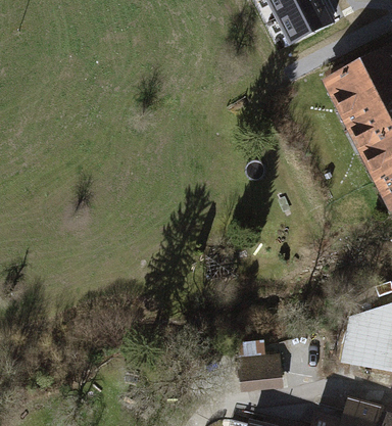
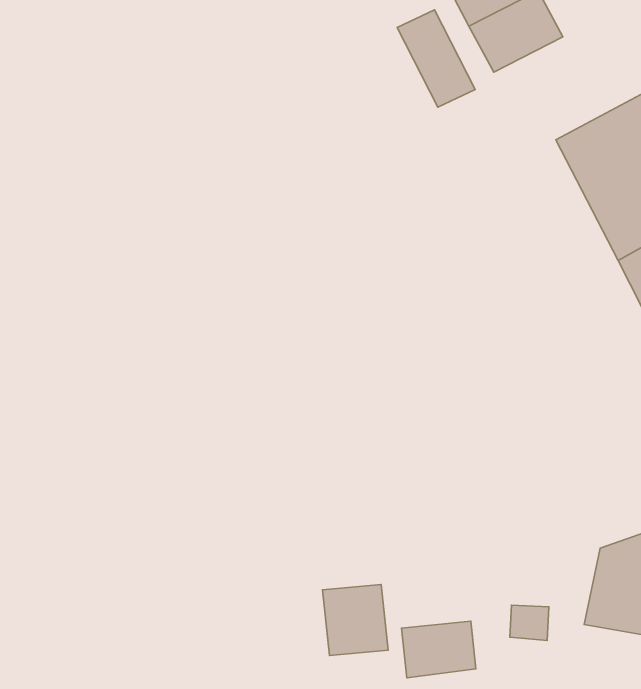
building: none -> [397,10,475,107]
building: none -> [323,585,388,656]

